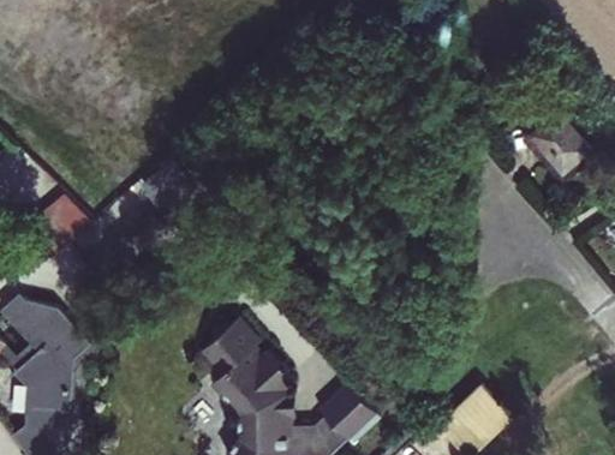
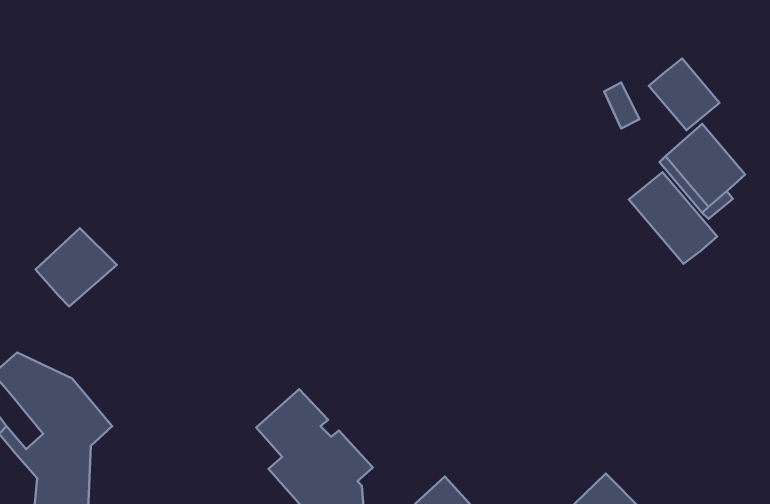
building: none -> [649,58,720,130]
building: none -> [629,172,717,264]

